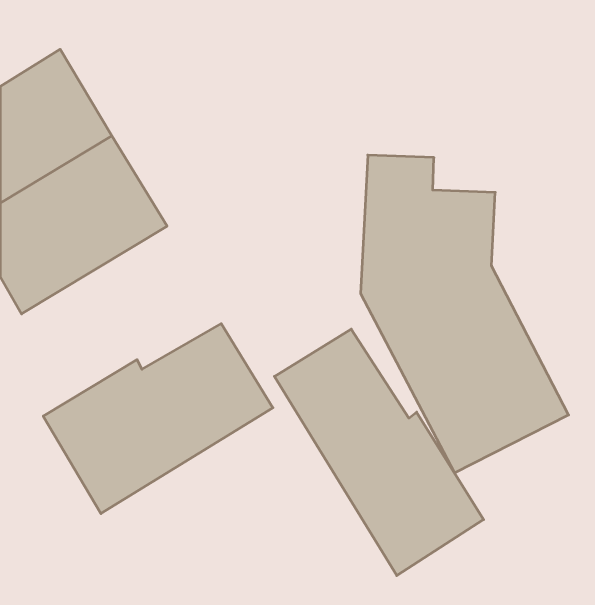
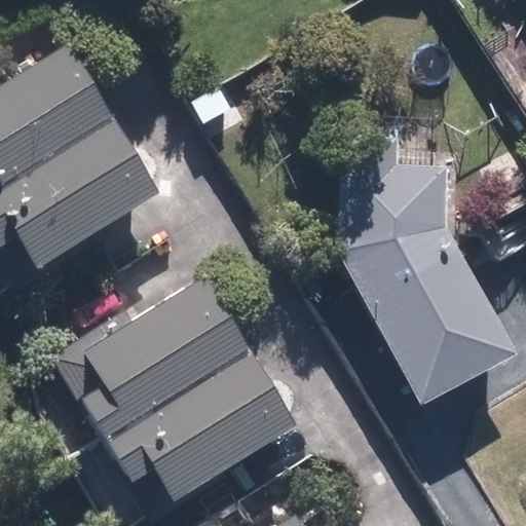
building: [274,329,484,576] -> none
building: none -> [103,348,297,500]

